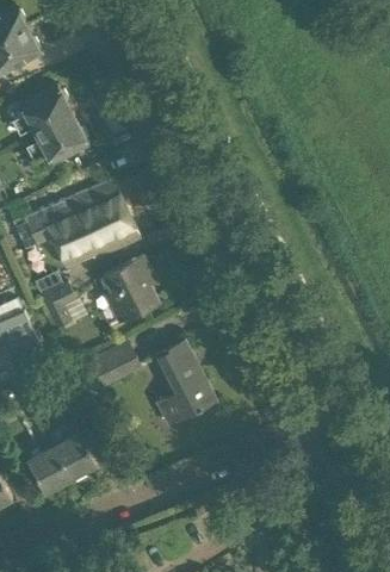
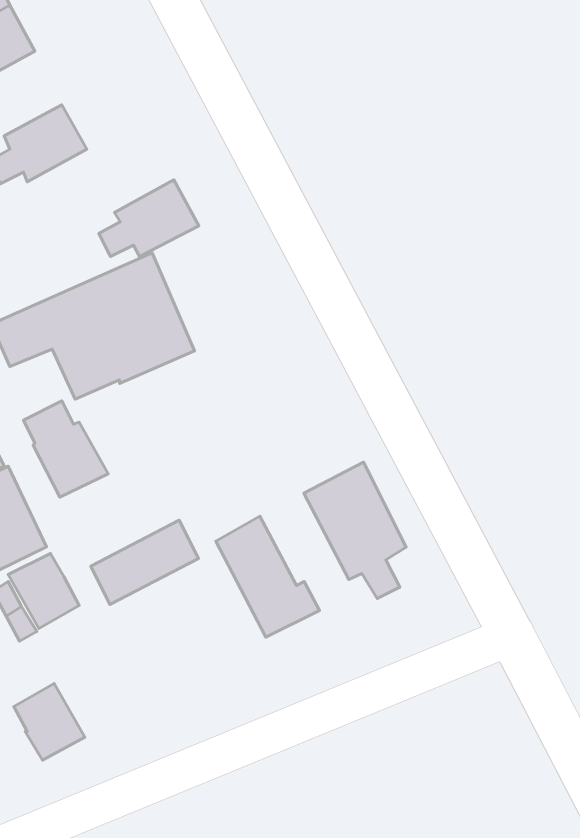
building: [26,113,88,161] -> [99,180,199,257]
building: [104,255,160,321] -> none
building: none -> [304,462,406,599]
building: [52,431,97,478] -> [8,553,79,628]

